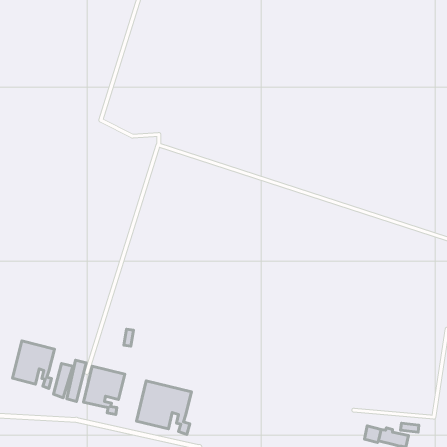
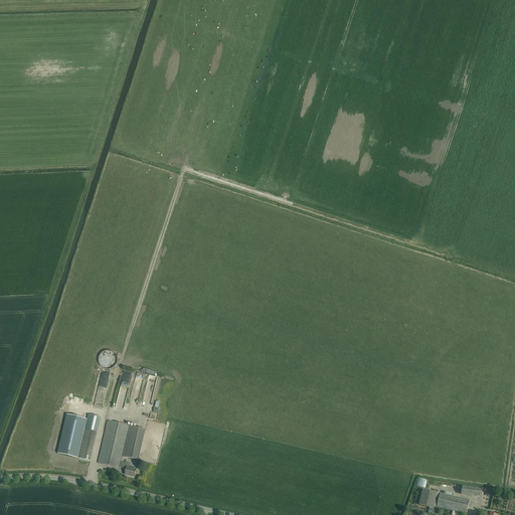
building: [12,341,55,389] -> none
building: [136,381,192,435] -> none

